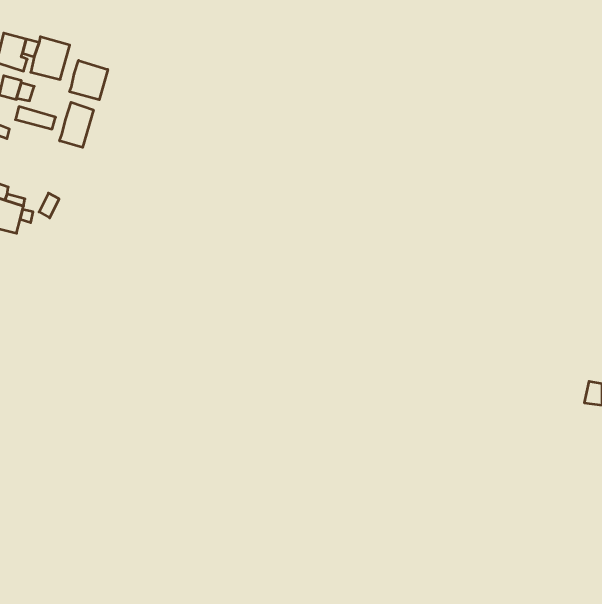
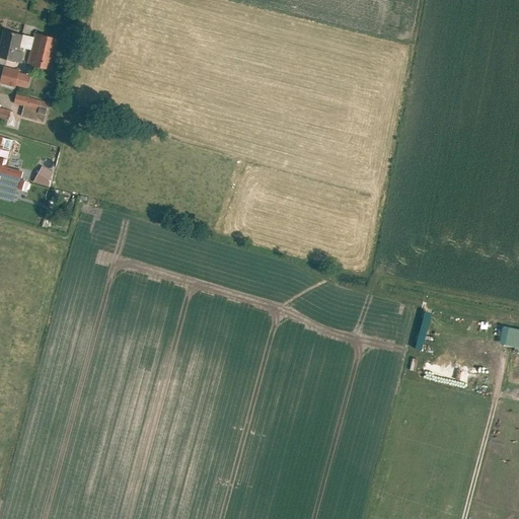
building: [70,60,108,100] -> none
building: [60,102,93,147] -> none

